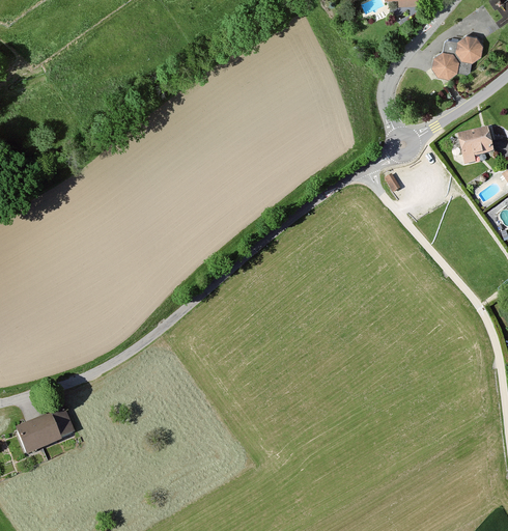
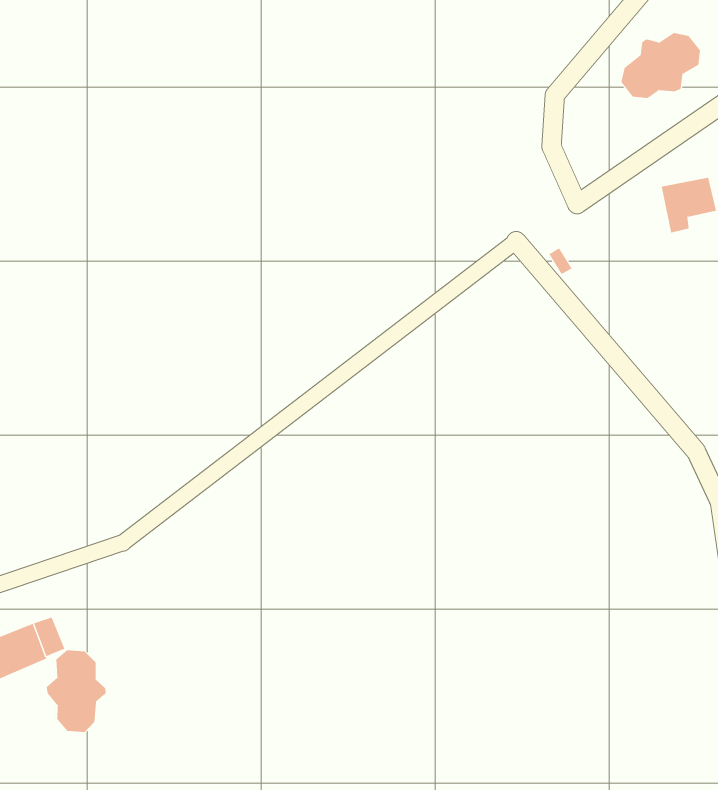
building: none -> [46,650,106,733]

